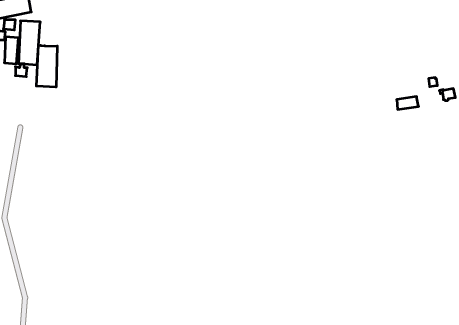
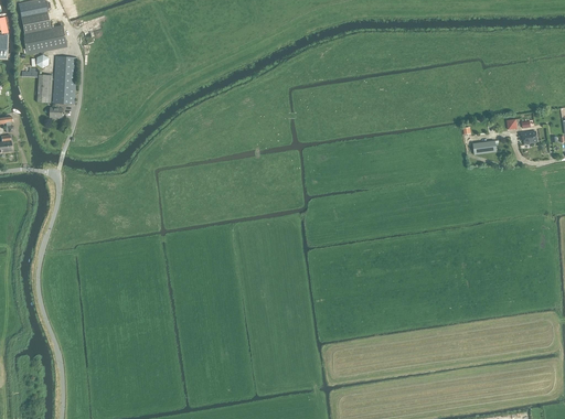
building: [36,45,57,87] -> none

